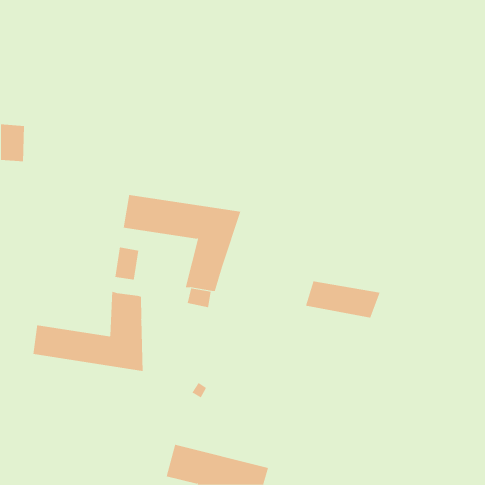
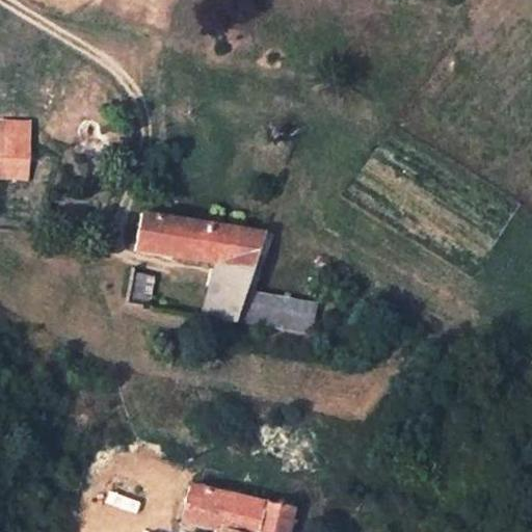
building: [305,281,380,318] -> [237,291,319,331]
building: [33,291,143,372] -> none

